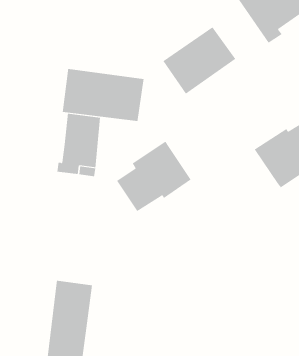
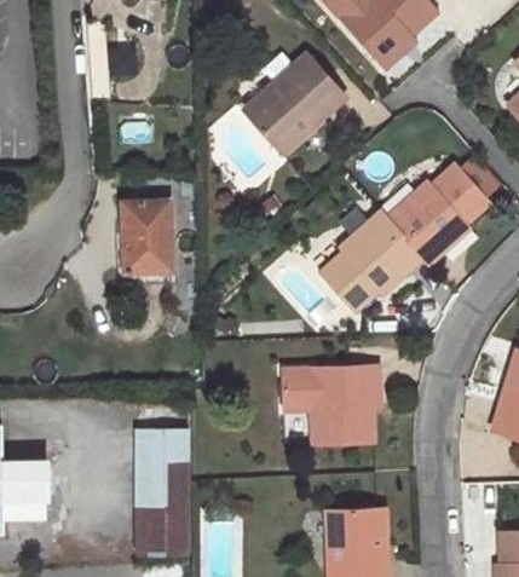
building: [62,68,144,122] -> none
building: [116,141,192,212] -> [319,209,422,312]
building: none -> [282,364,380,442]

